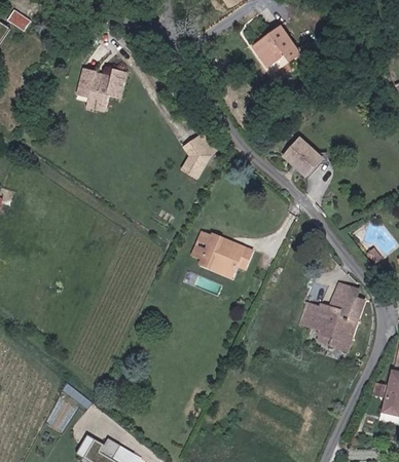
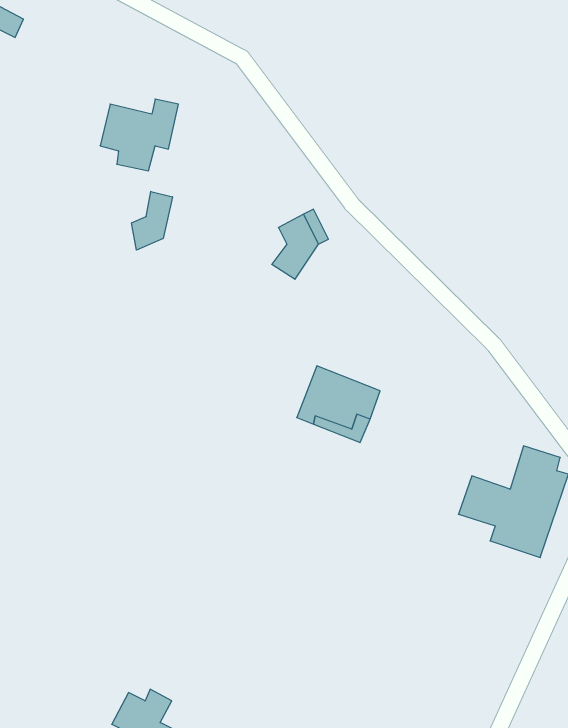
building: [252,26,301,66] -> none
building: none -> [132,191,172,250]
building: [285,139,323,177] -> none

